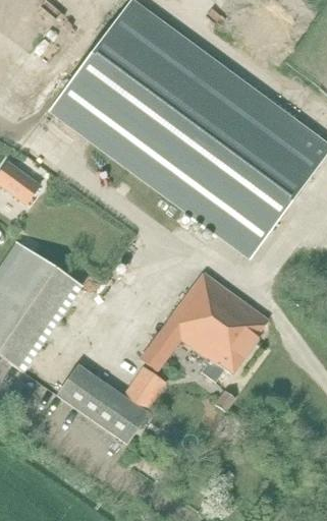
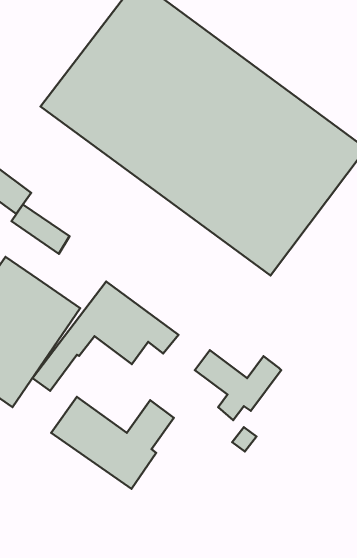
building: none -> [11,204,70,254]
building: [142,274,269,369] -> [33,281,178,391]

